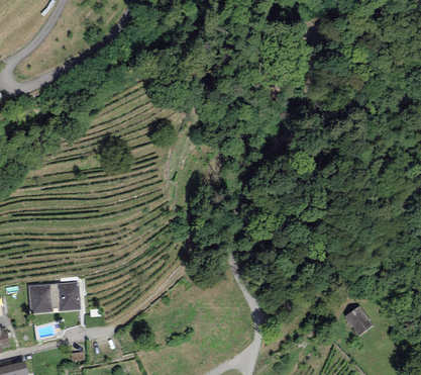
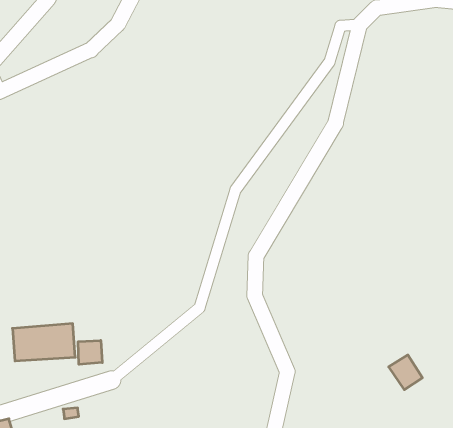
building: none -> [78,340,102,364]

